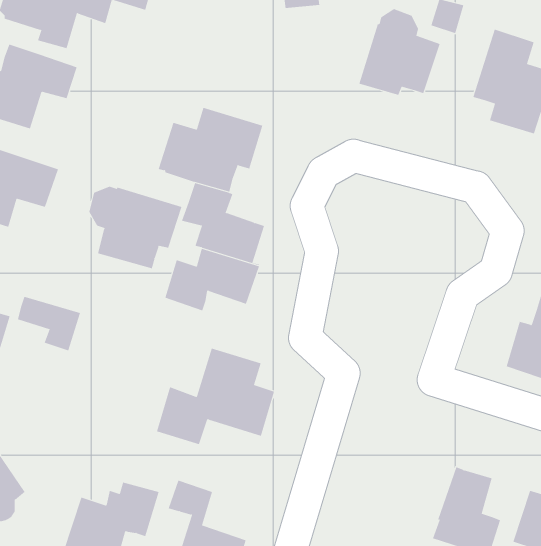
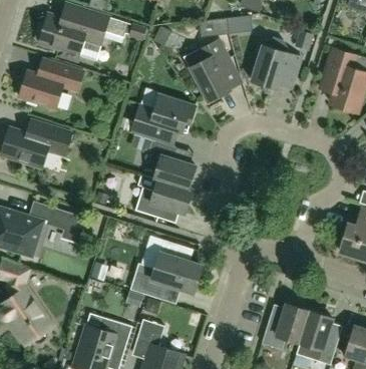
building: none -> [182,40,240,100]
building: [89,186,182,269] -> none
building: none -> [261,304,309,350]

